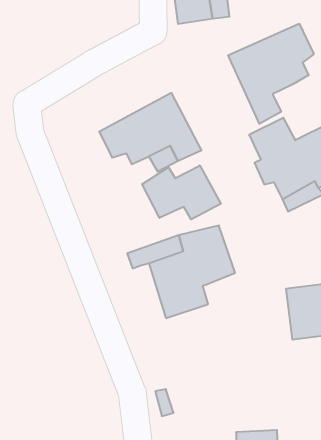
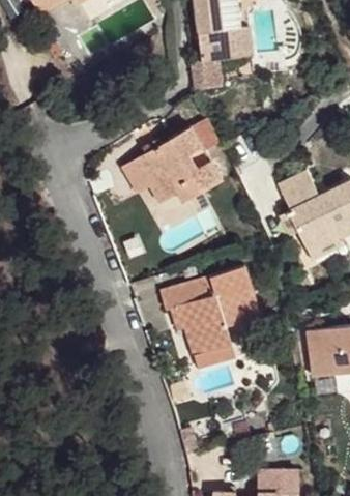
building: [228,24,314,124] -> none
building: [142,165,221,219] -> none

